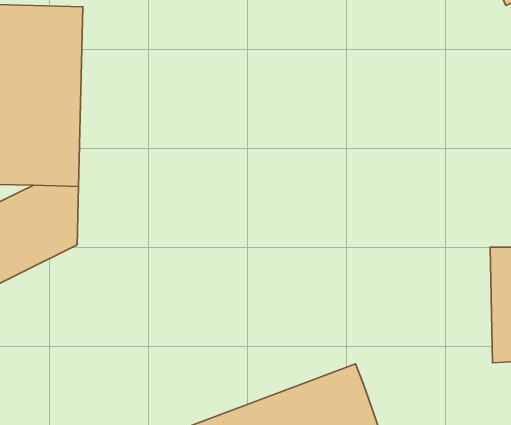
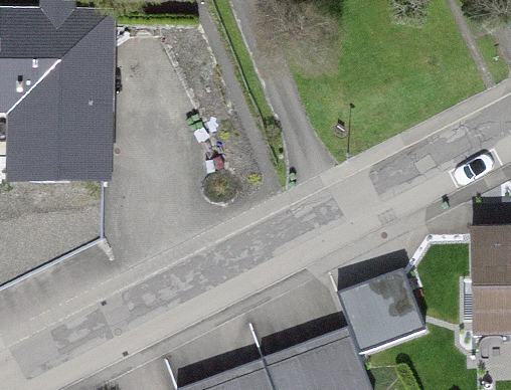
building: none -> [336,267,424,353]

